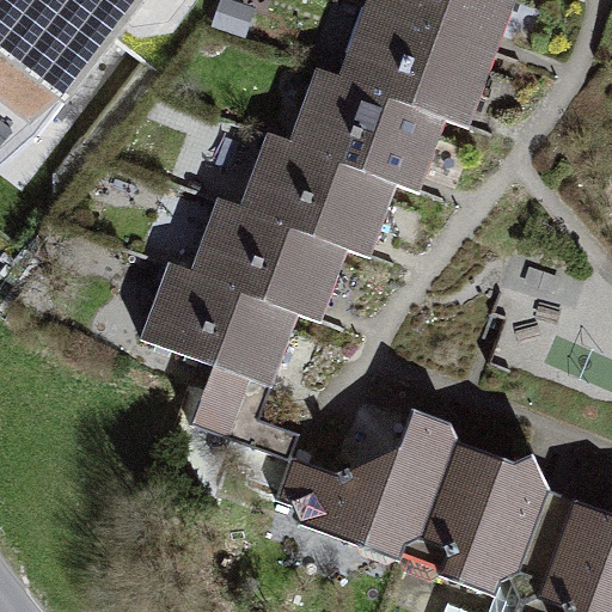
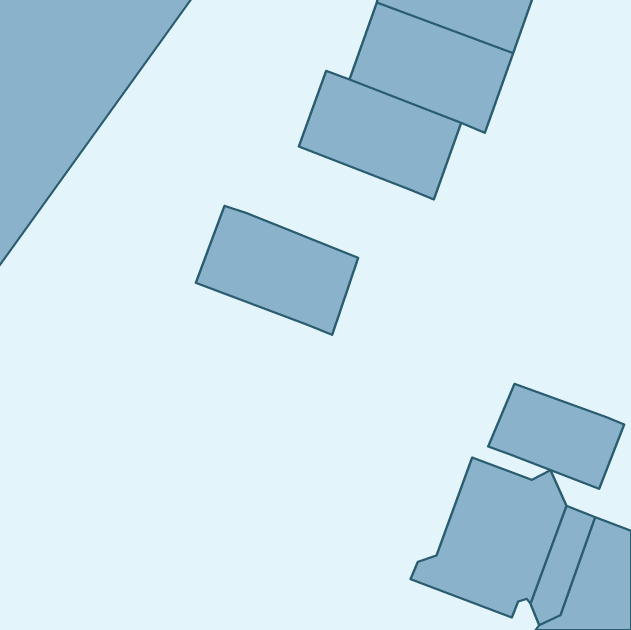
building: [238,133,396,257] -> none
building: [140,265,296,386] -> none
building: none -> [488,384,624,489]
building: [274,409,455,558] -> none

